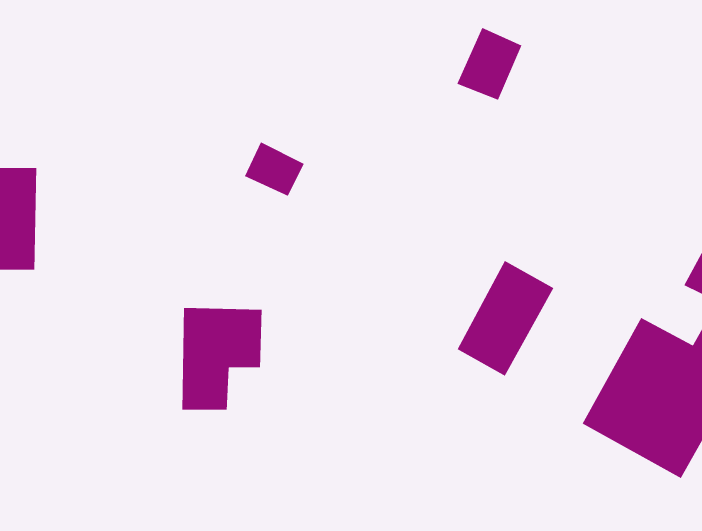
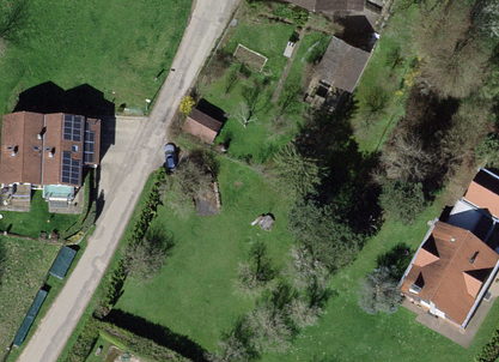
building: [457,260,555,377] -> none
building: [181,307,263,411] -> [45,122,98,189]

